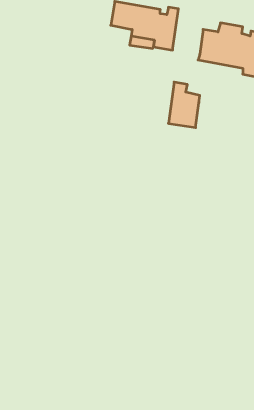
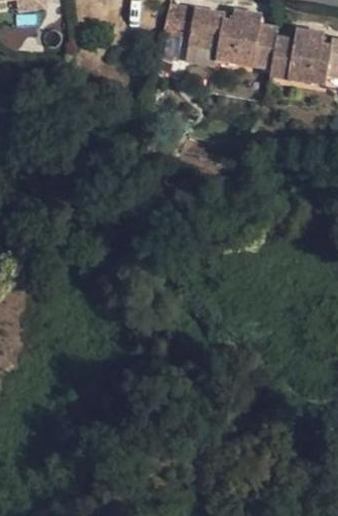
building: [168,82,200,128] -> [237,11,275,67]

